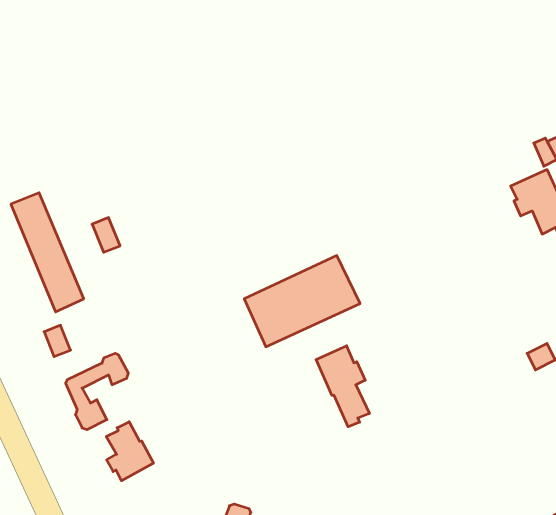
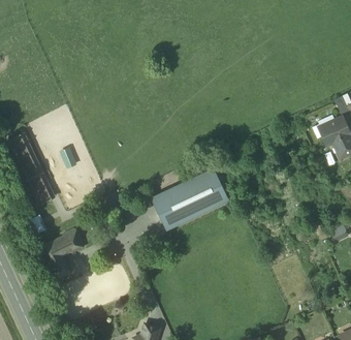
building: [316,346,369,427] -> none
building: [106,422,153,481] -> none

